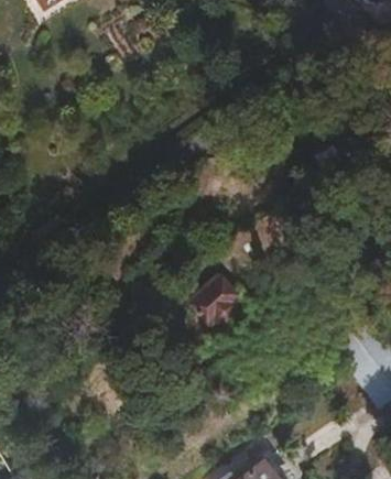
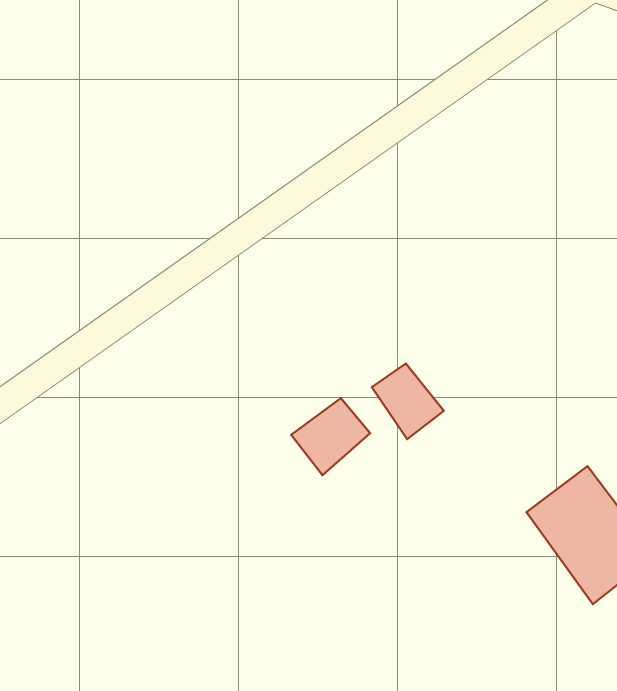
building: none -> [372,363,444,439]

